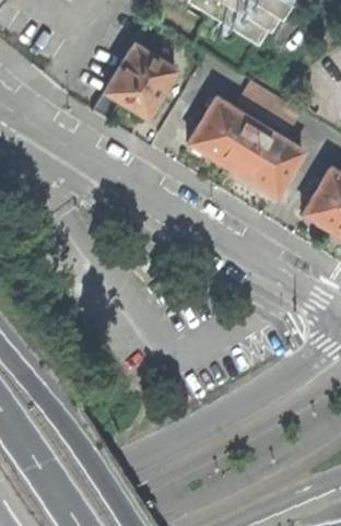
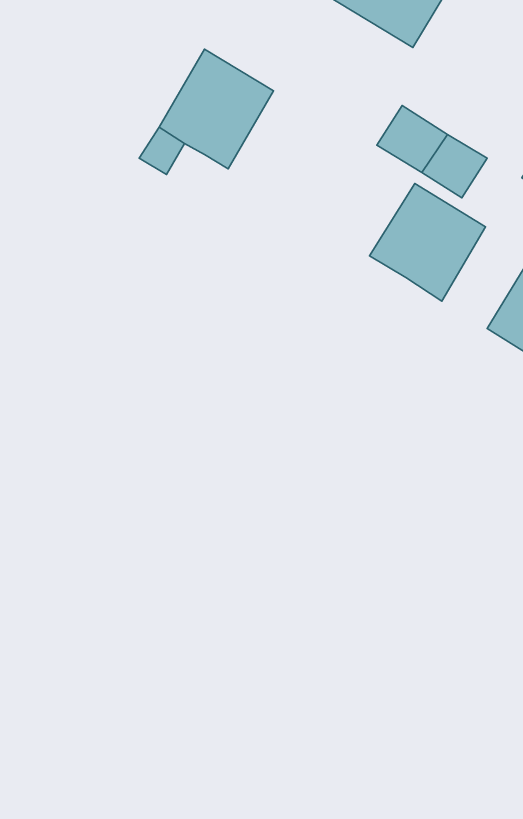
building: [189,100,260,170] -> none

